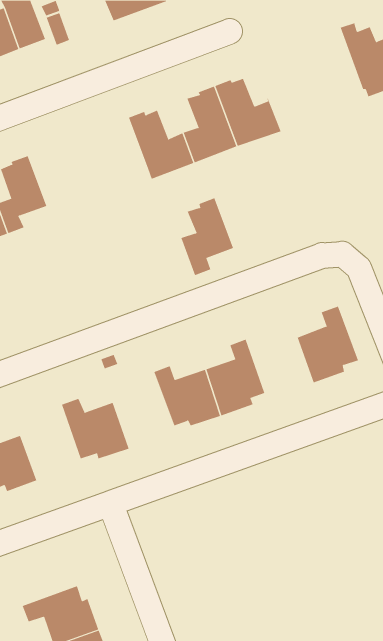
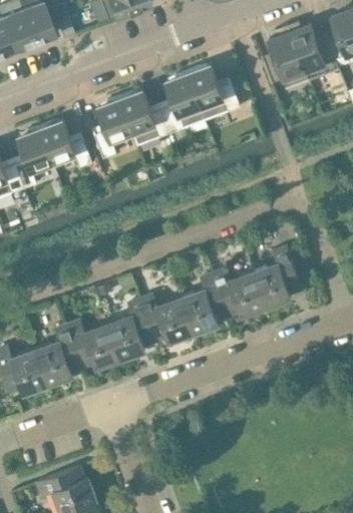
building: none -> [261,25,308,88]
building: none -> [40,120,92,167]
building: [181,197,234,276] -> [92,96,134,158]
building: none -> [213,267,266,316]
building: none -> [107,298,155,359]
building: none -> [34,324,81,384]

